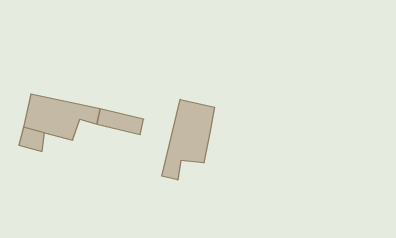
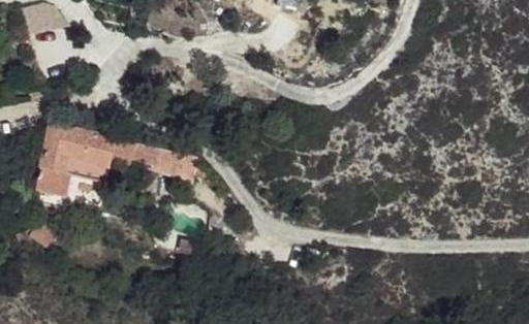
building: [162,99,215,180] -> none

